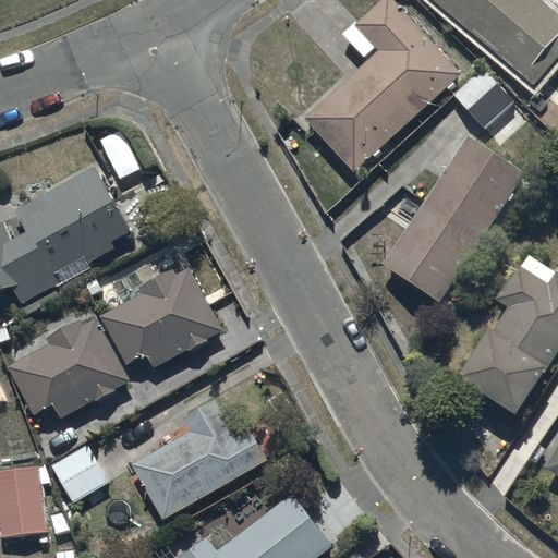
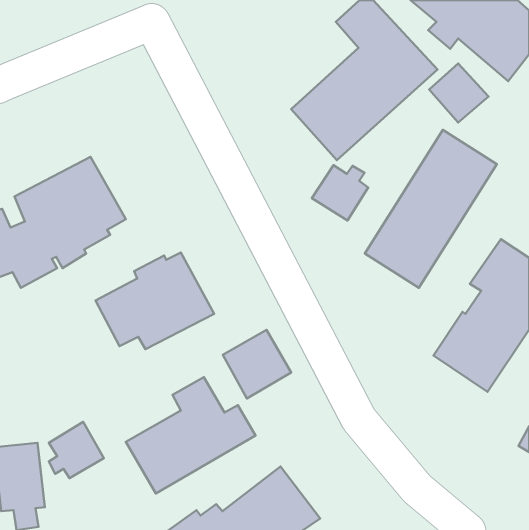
building: none -> [312,165,368,221]
building: [5,318,131,418] -> none
building: none -> [223,330,291,399]

